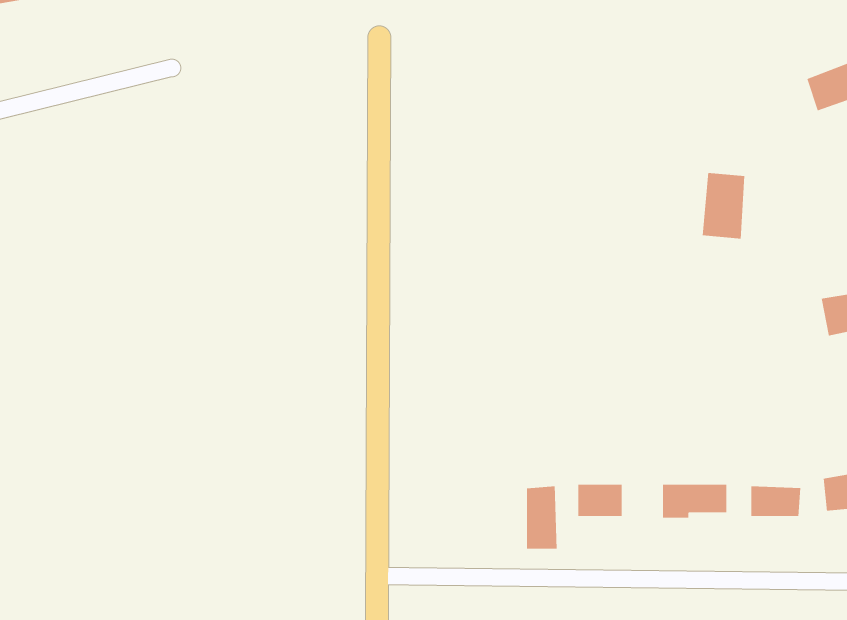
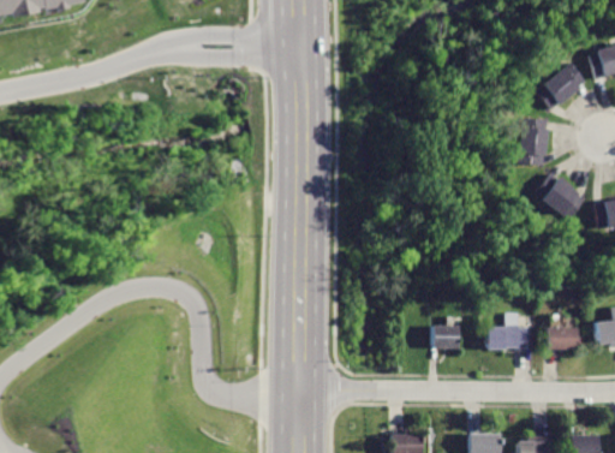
building: none -> [532,64,581,111]
building: none -> [535,174,587,220]
building: [526,486,557,549] -> none

